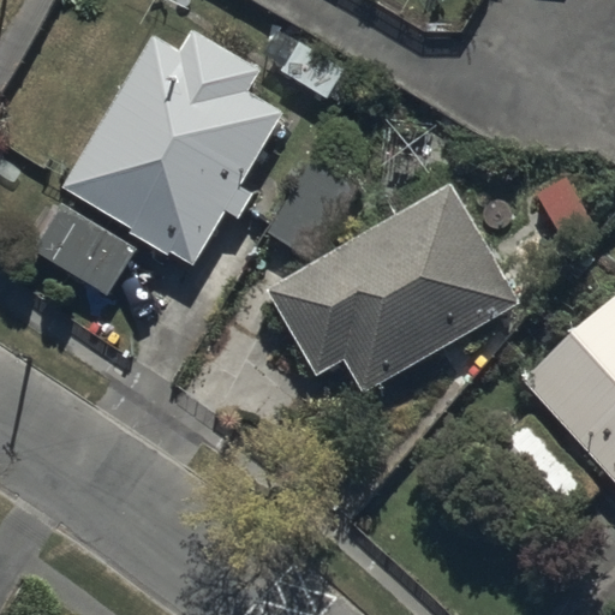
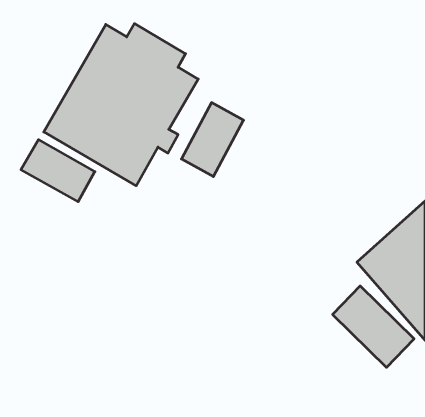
building: [271,184,519,389] -> none

